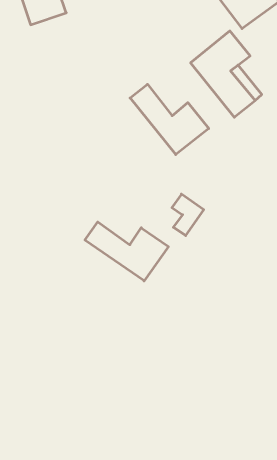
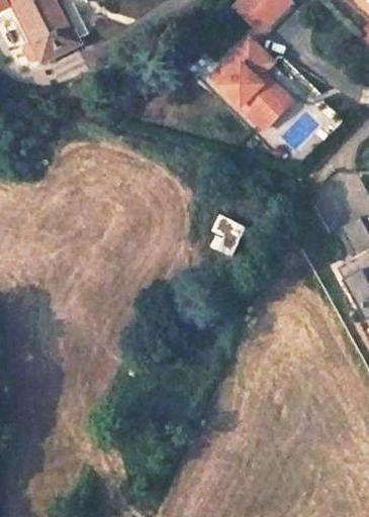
building: [130,84,209,155] -> none
building: [85,222,168,281] -> none

